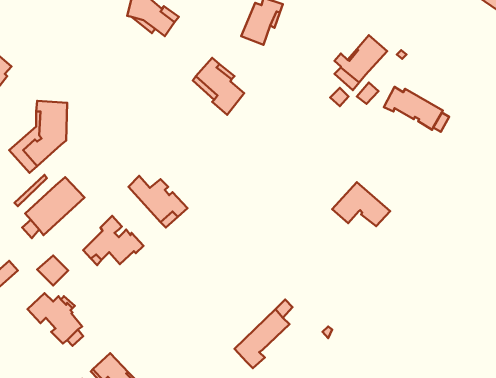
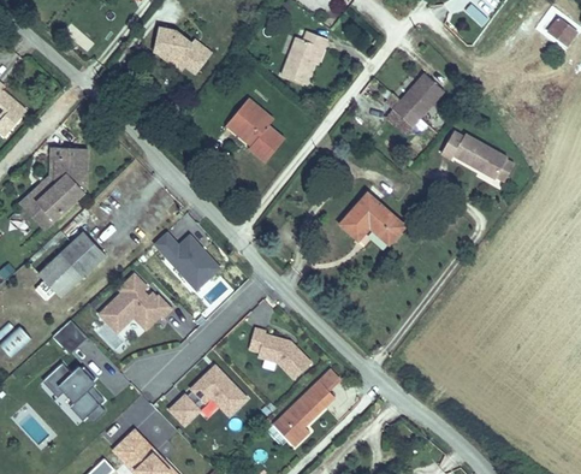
building: [332,182,390,226] -> [339,194,404,243]
building: none -> [248,327,310,378]
building: none -> [168,367,247,423]

